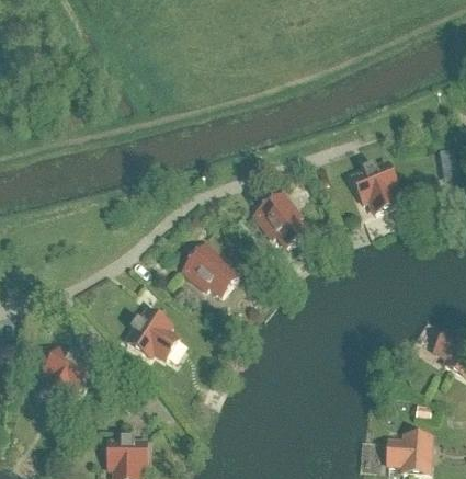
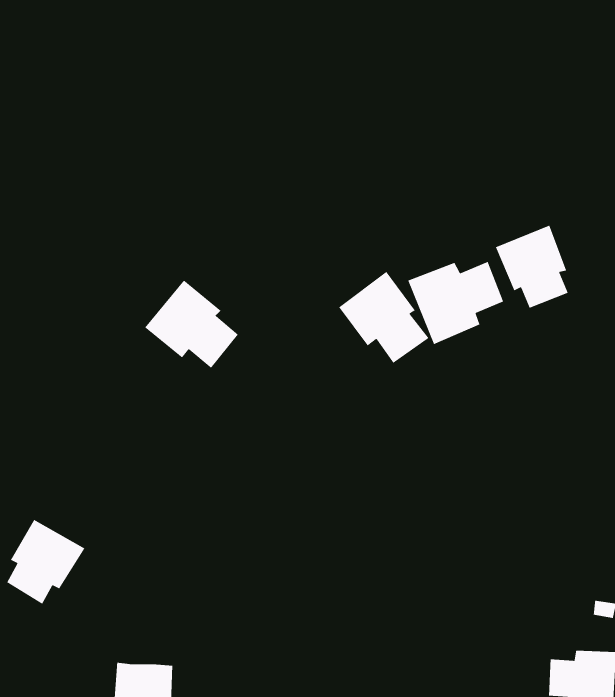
building: none -> [407,261,504,345]
building: [180,241,240,298] -> [144,279,239,369]
building: [124,310,180,361] -> none

